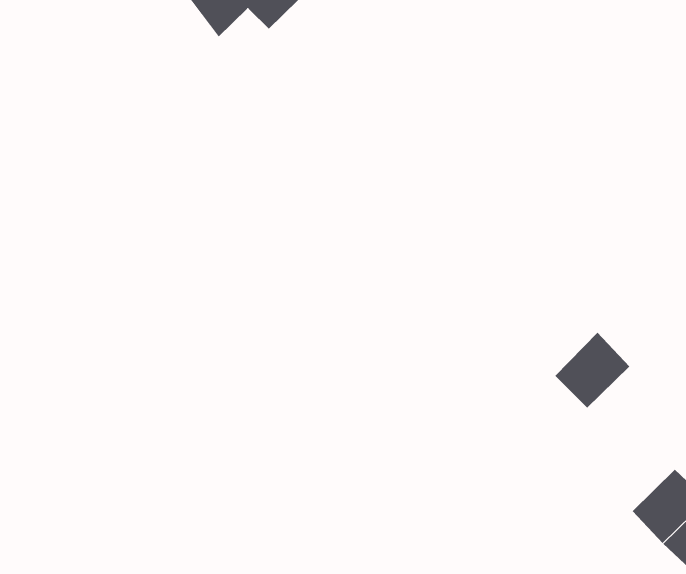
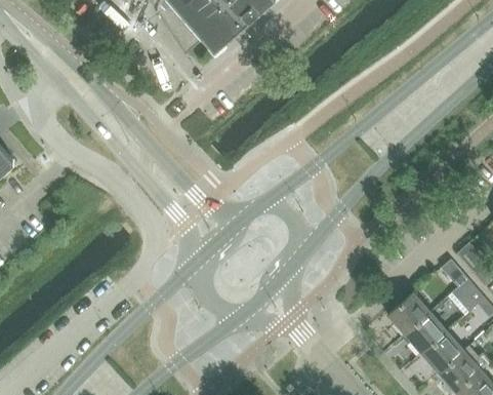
building: [555,332,630,409] -> [388,291,432,334]

